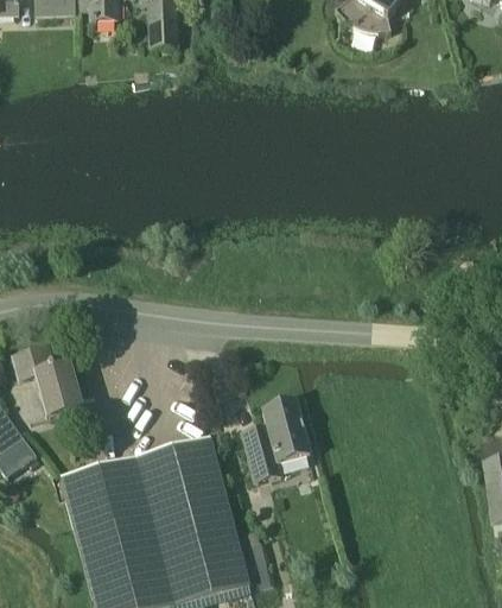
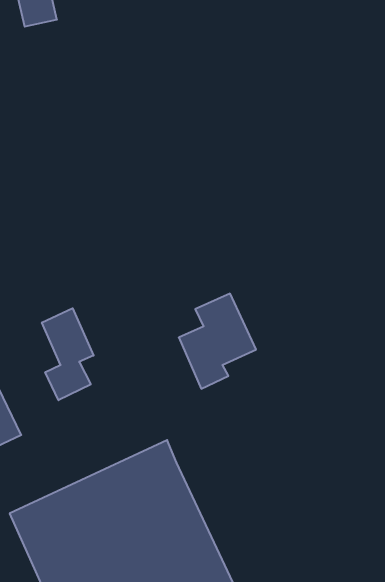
building: none -> [42,308,94,400]
building: [242,401,309,481] -> [179,294,256,389]

